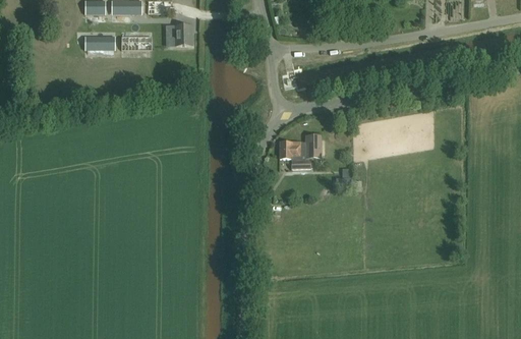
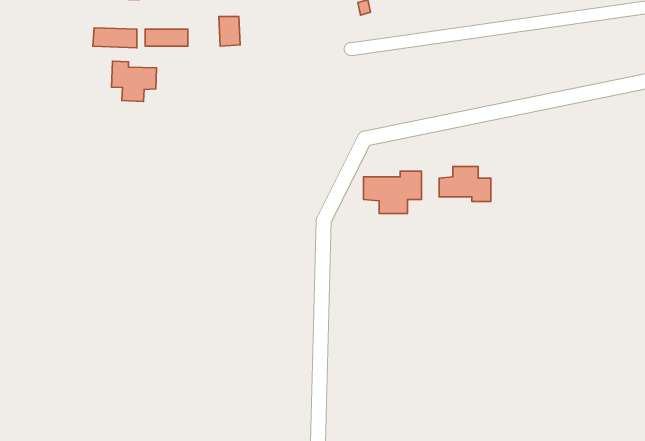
building: none -> [112,61,157,101]
building: none -> [439,166,491,201]

